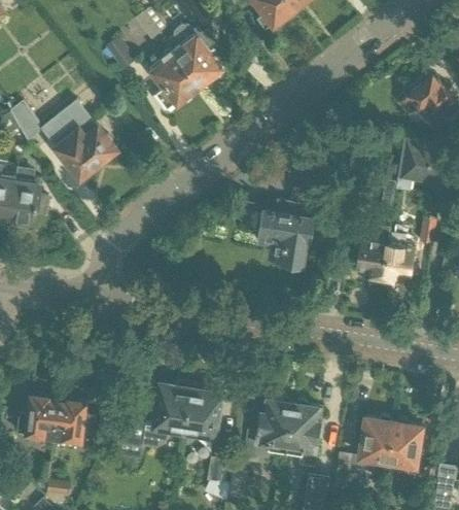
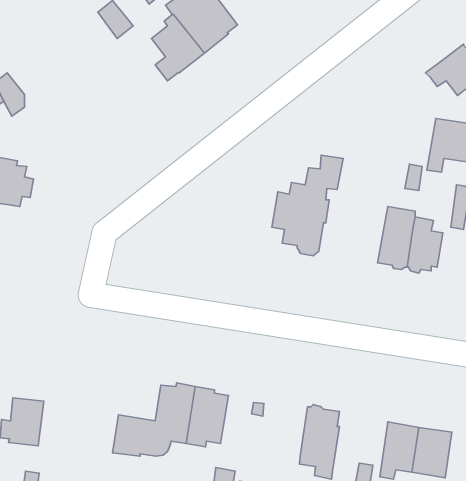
building: [40,100,115,177] -> none
building: [50,398,94,441] -> none
building: [243,398,292,458] -> none

